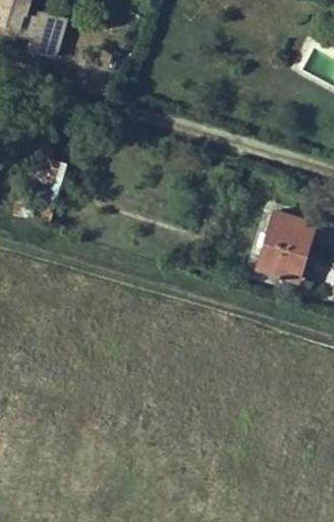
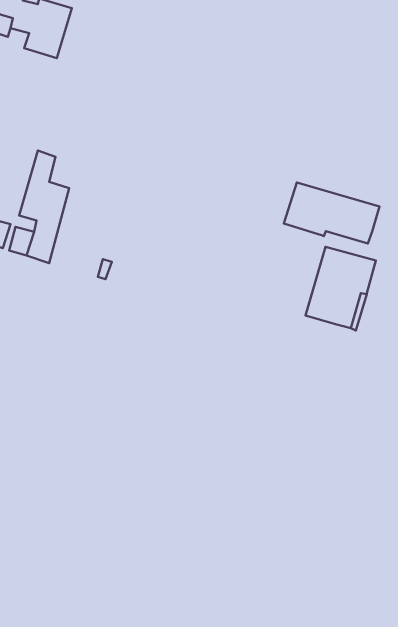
building: none -> [284,183,379,244]

